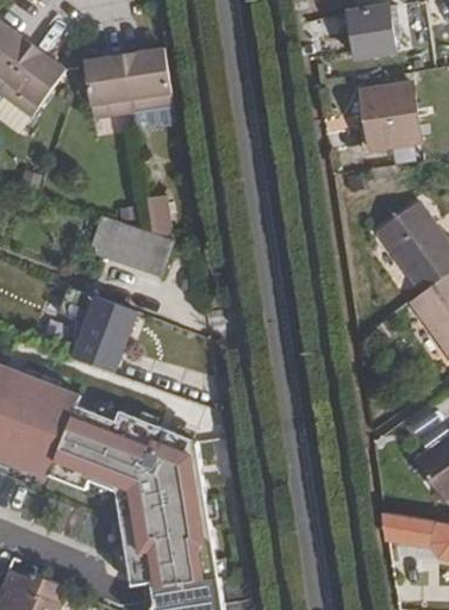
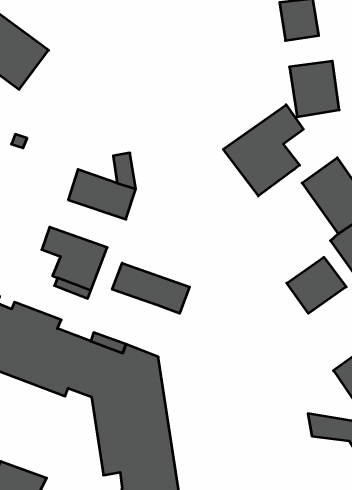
building: [82,46,173,118] -> none
building: none -> [223,105,303,196]
building: none -> [287,257,346,313]
building: none -> [112,263,190,313]

